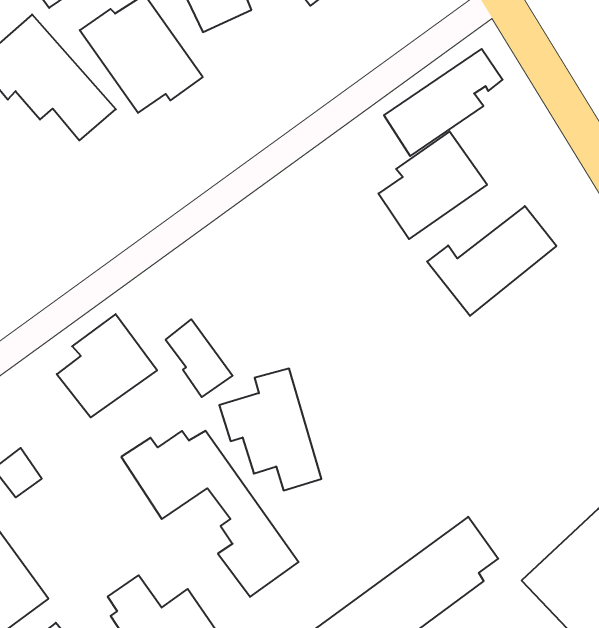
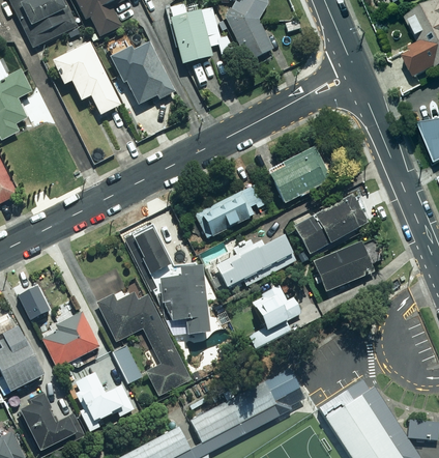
building: [384,49,503,156] -> [195,182,266,237]
building: none -> [313,240,374,299]
building: none -> [215,236,296,288]
building: [57,314,157,417] -> [42,310,100,367]
building: none -> [250,284,302,347]
building: none -> [114,345,143,381]

